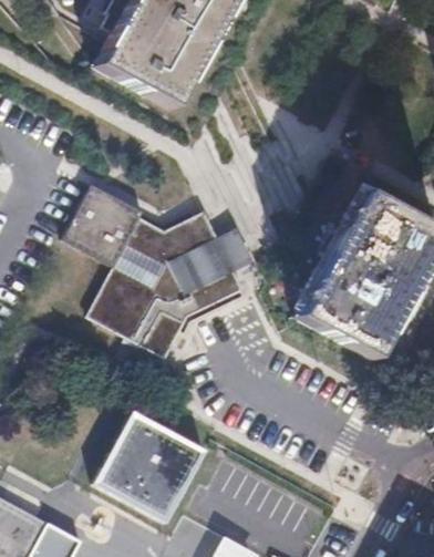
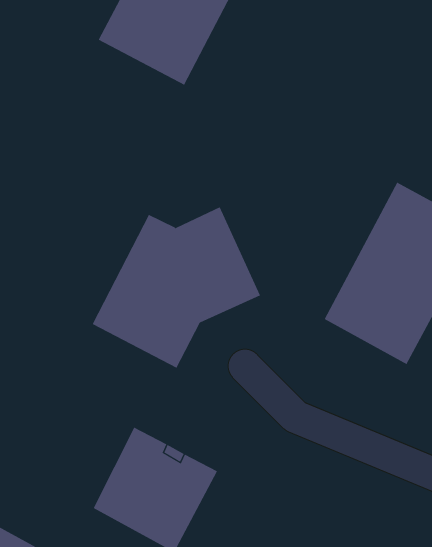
building: [62,179,142,264] -> none

